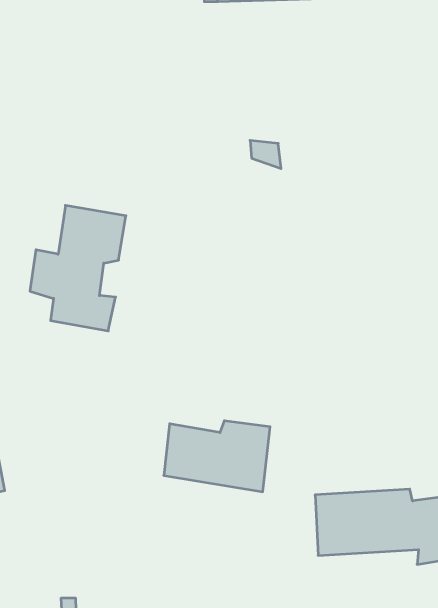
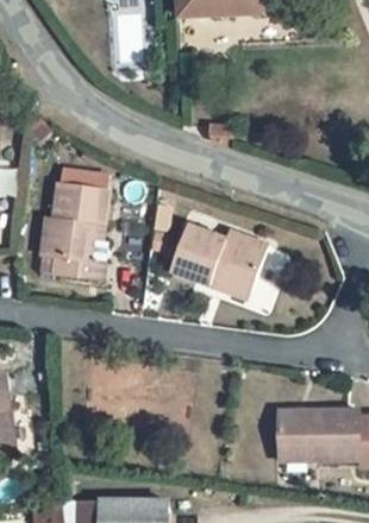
building: [164,421,270,492] -> [162,221,248,278]

